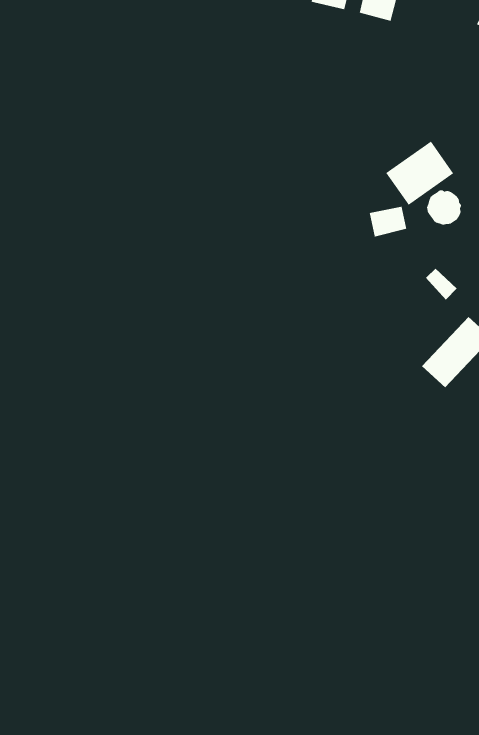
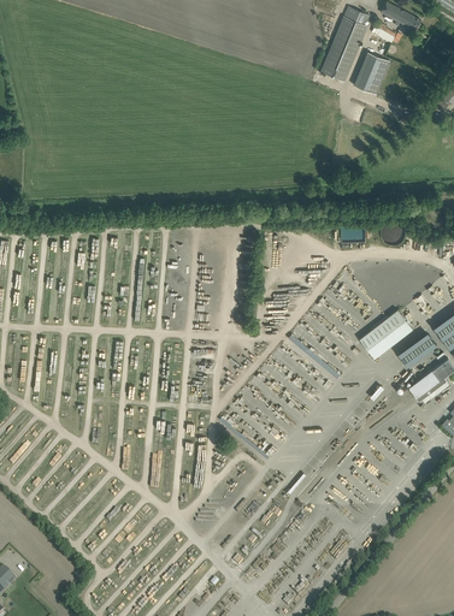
building: [385,140,454,206] -> none

